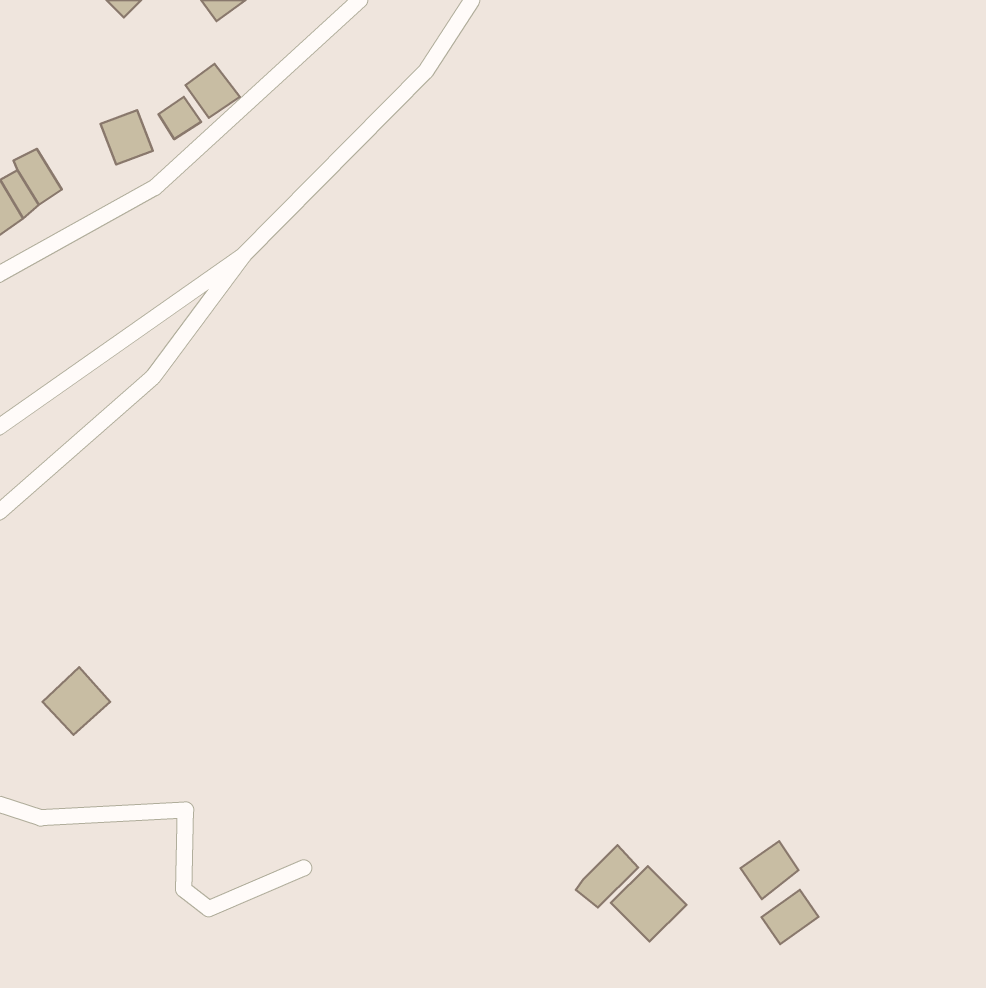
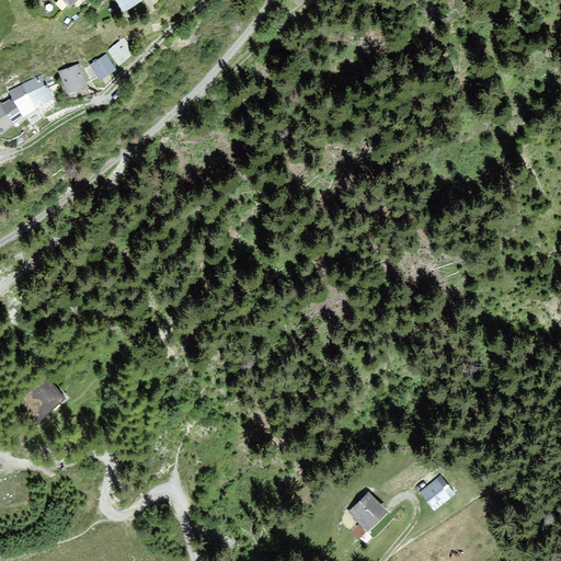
building: none -> [21,75,51,107]
building: [576,845,638,908] -> none
building: [762,890,819,944] -> none

